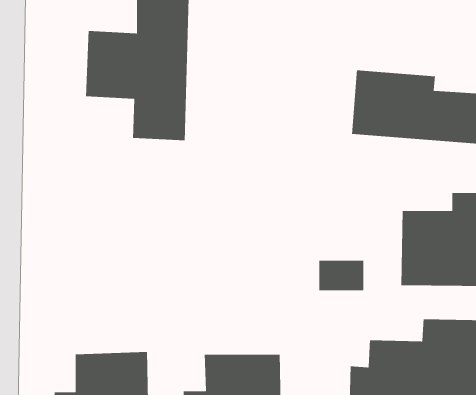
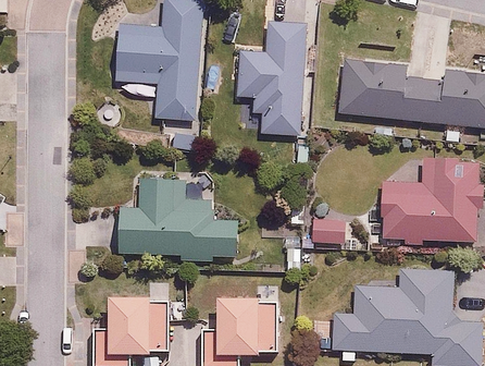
building: none -> [240,22,304,136]
building: none -> [117,175,237,263]

